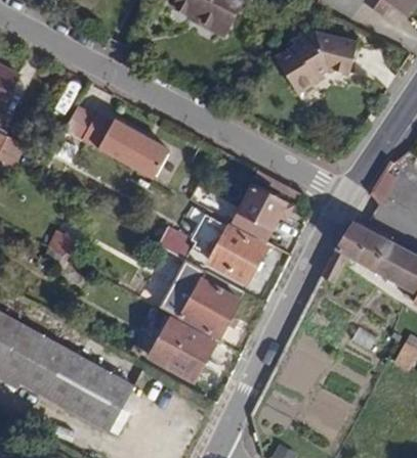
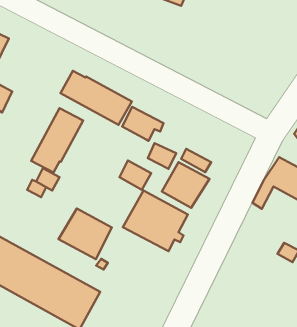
building: [275,31,355,93] -> none
building: none -> [31,108,83,173]
building: [239,185,290,227] -> [122,107,164,141]
building: [149,318,214,380] -> [59,209,112,259]

